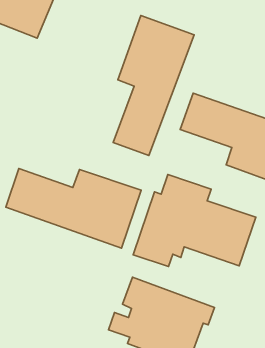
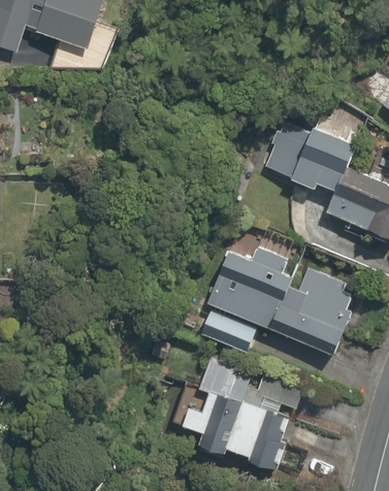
building: [113,16,194,156] -> none
building: [6,168,141,248] -> none

